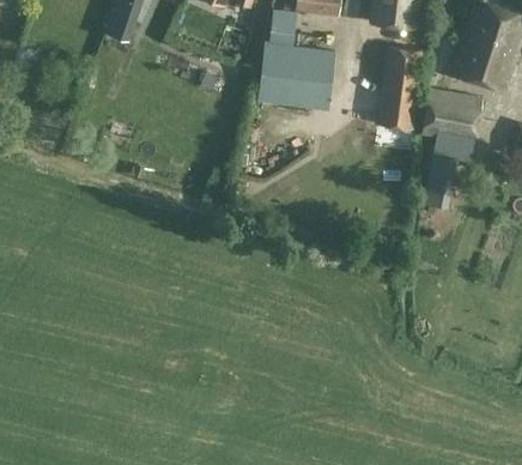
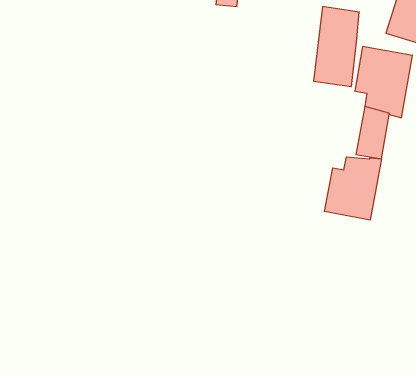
building: [259,44,334,110] -> none
building: none -> [325,157,381,220]

